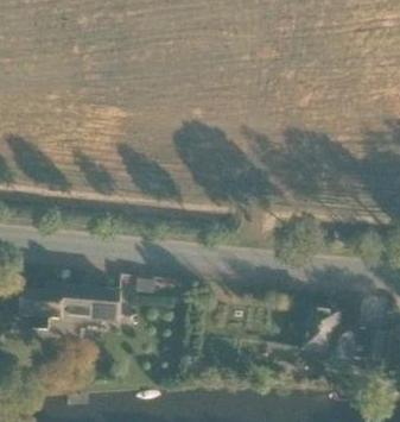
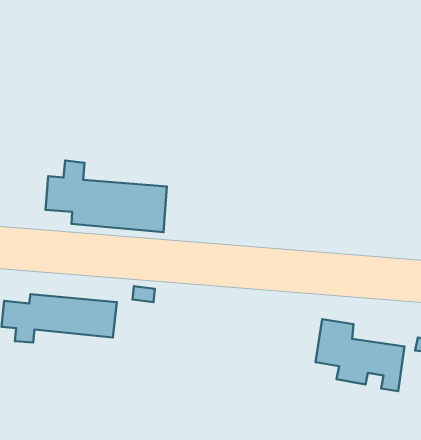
building: none -> [45,161,167,232]

